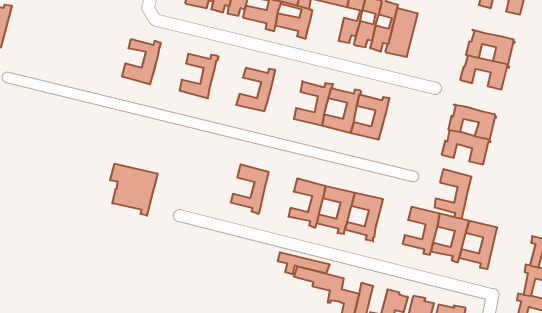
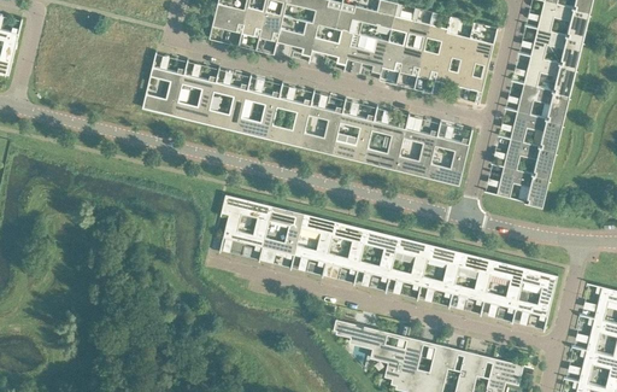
building: none -> [529,28,583,66]
building: none -> [346,34,387,74]
building: none -> [457,37,493,92]
building: none -> [172,74,216,123]
building: none -> [236,89,280,139]
building: none -> [299,105,342,154]
building: none -> [509,111,563,150]
building: none -> [425,136,469,185]
building: [110,164,158,216] -> [219,194,272,252]
building: [435,169,472,218] -> [421,244,462,298]
building: none -> [294,213,335,267]

